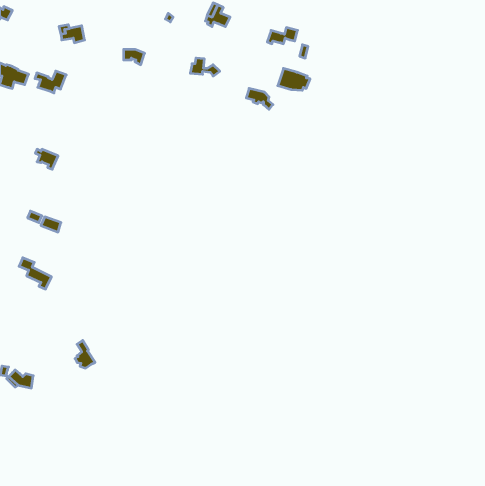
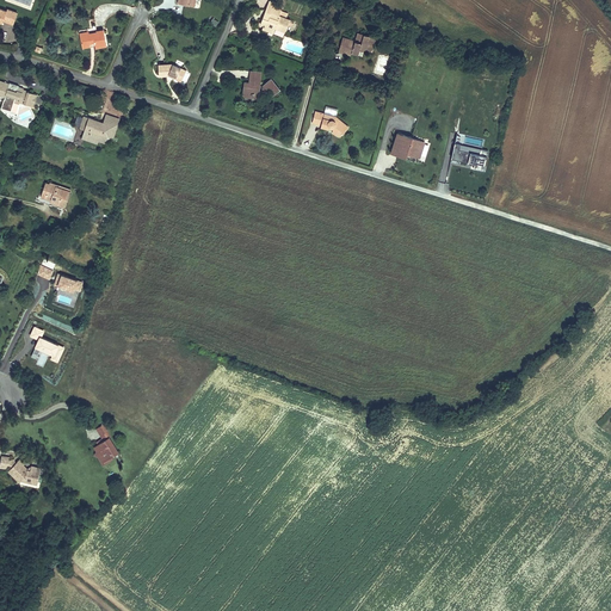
building: [278,68,310,90] -> [388,131,428,159]
building: [35,71,66,93] -> [79,117,118,144]
building: none -> [450,142,487,169]

